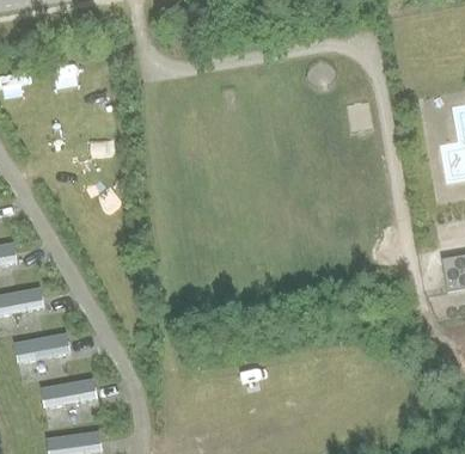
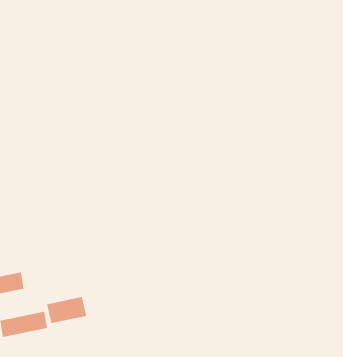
building: none -> [47,296,87,324]

